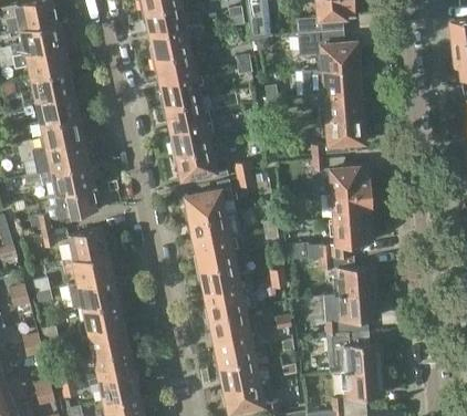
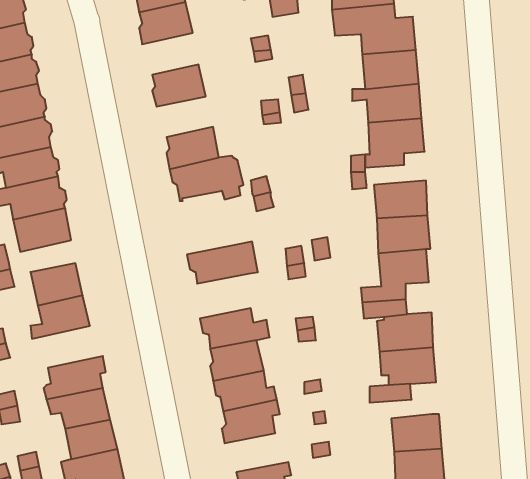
building: [153,52,196,84] -> none
building: [164,98,224,132] -> none
building: [185,187,234,221] -> none
building: [195,236,237,270] -> none
building: [69,275,123,309] -> none
building: [216,357,269,387] -> none

